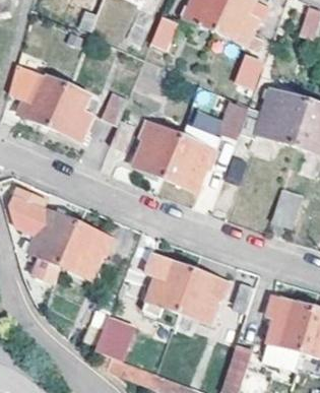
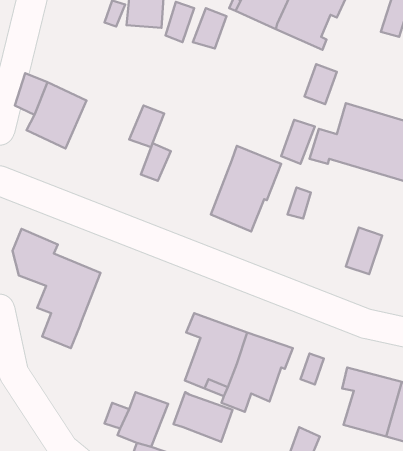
building: [52,87,94,142] -> none
building: [134,120,182,177] -> none
building: [63,222,116,280] -> none
building: none -> [174,392,232,442]

